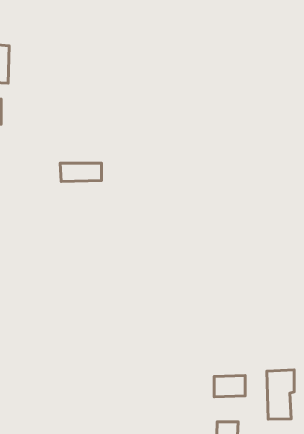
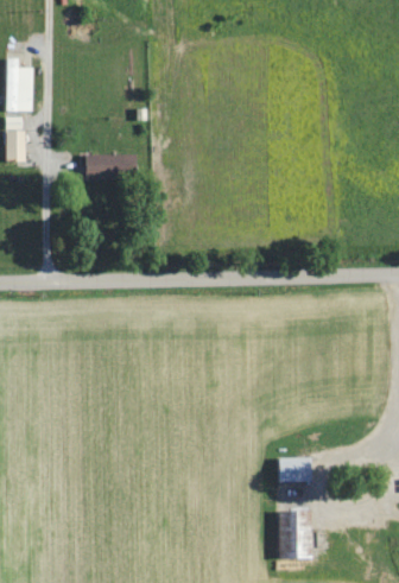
building: [60,163,101,181] -> [86,156,134,177]
building: [267,370,294,419] -> none

